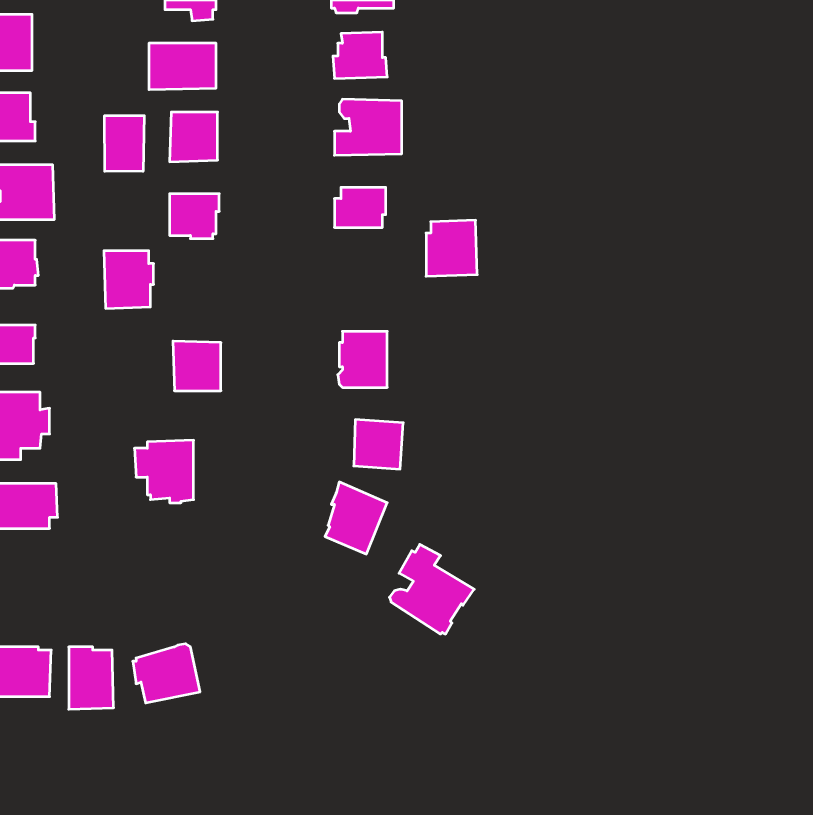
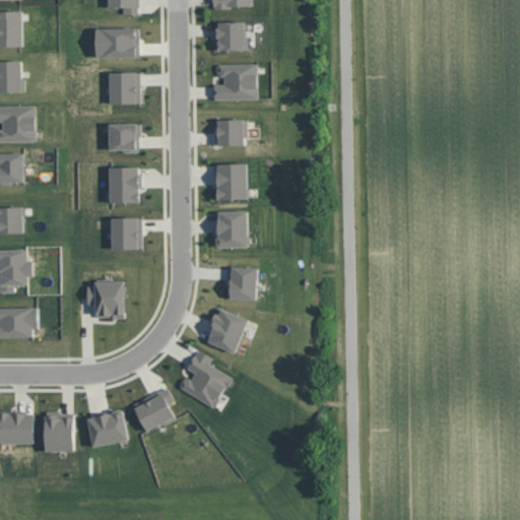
building: [105,116,144,171] -> none
building: [426,220,477,276] -> [213,165,246,200]
building: [104,251,154,308] -> [108,168,139,204]
building: [389,544,474,634] -> [178,351,232,408]
building: none -> [131,389,174,433]

